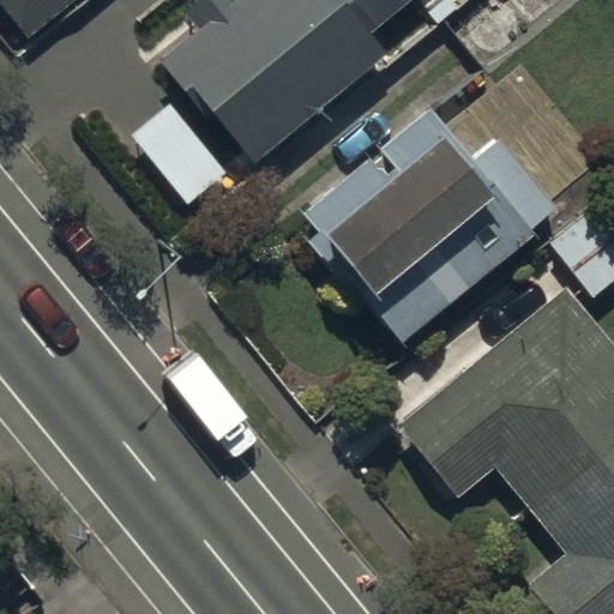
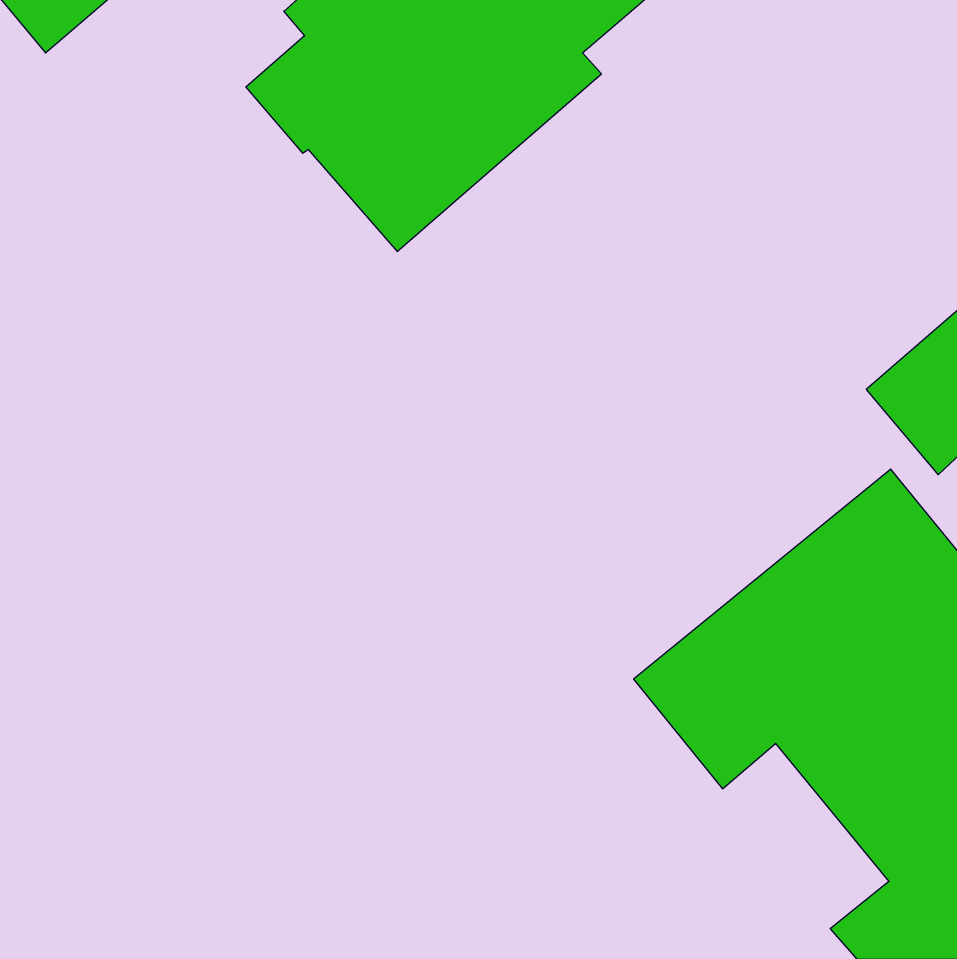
building: [302,109,550,337] -> none

